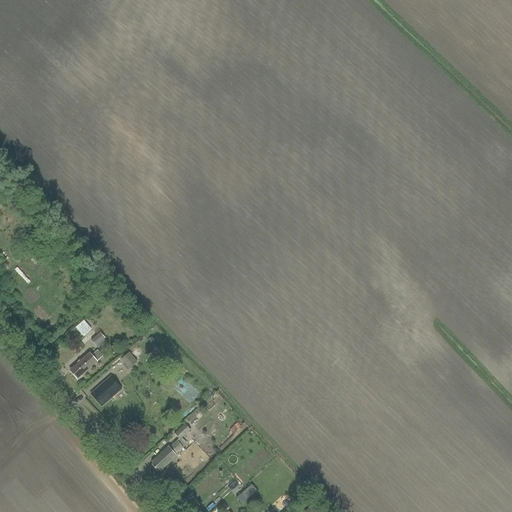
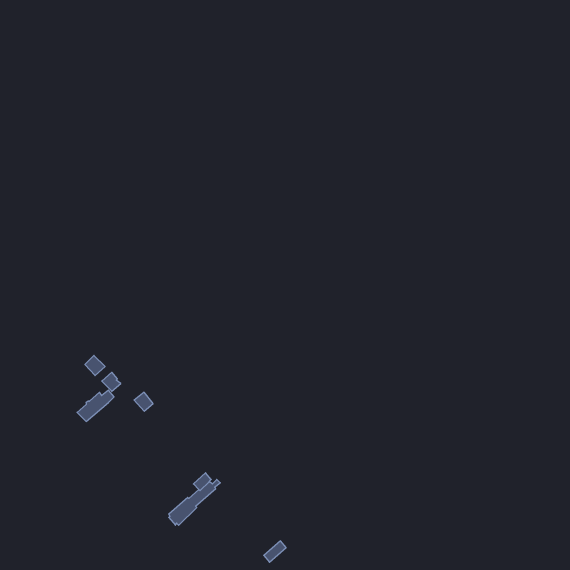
building: [91,377,121,406] -> none

